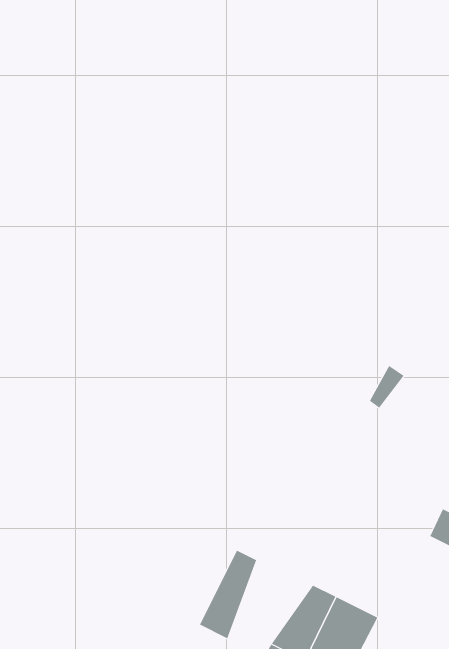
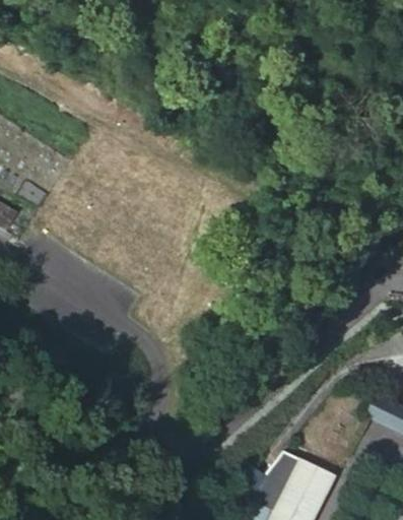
building: [199,550,257,639] -> none

